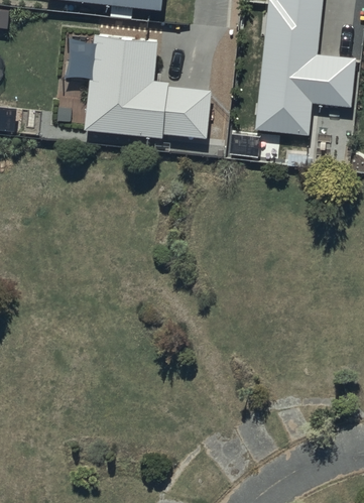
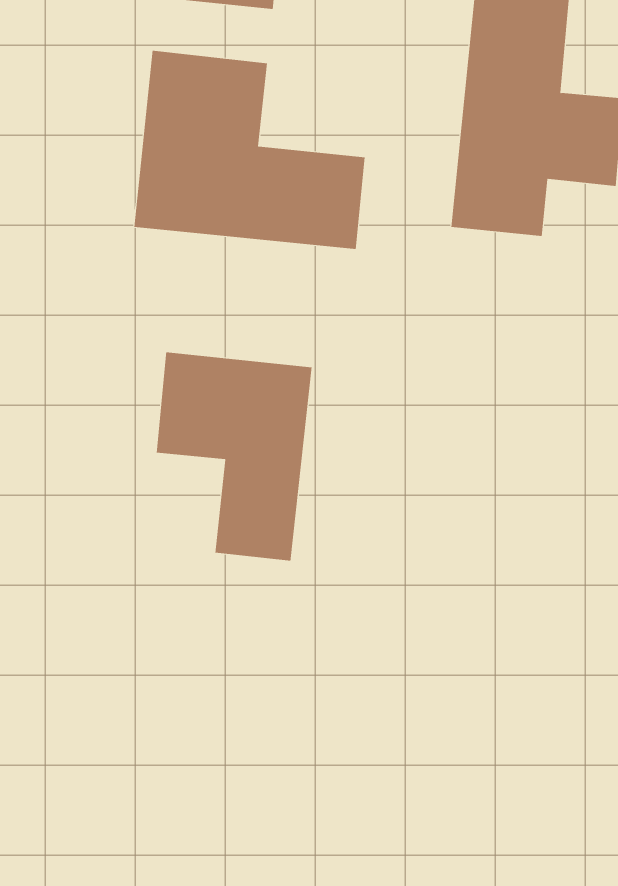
building: none -> [156,352,312,561]

